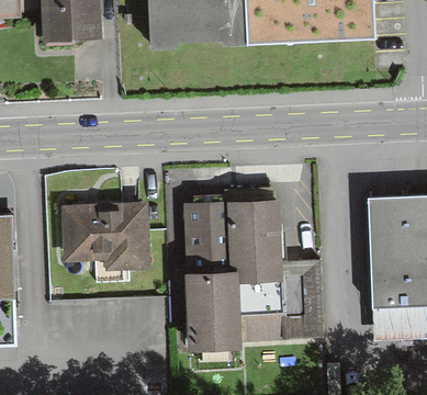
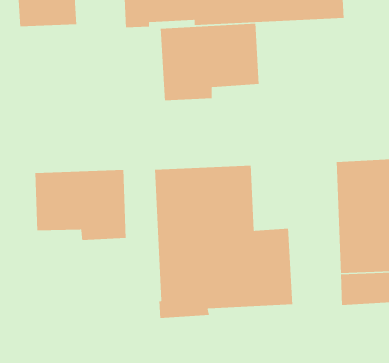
building: none -> [160,23,259,101]

